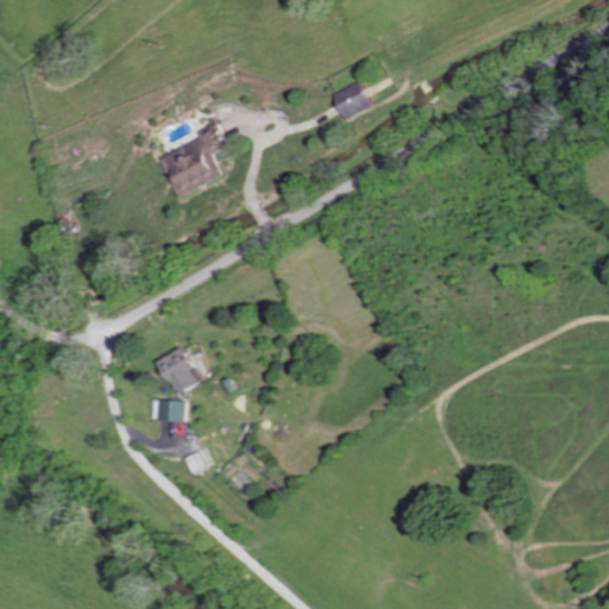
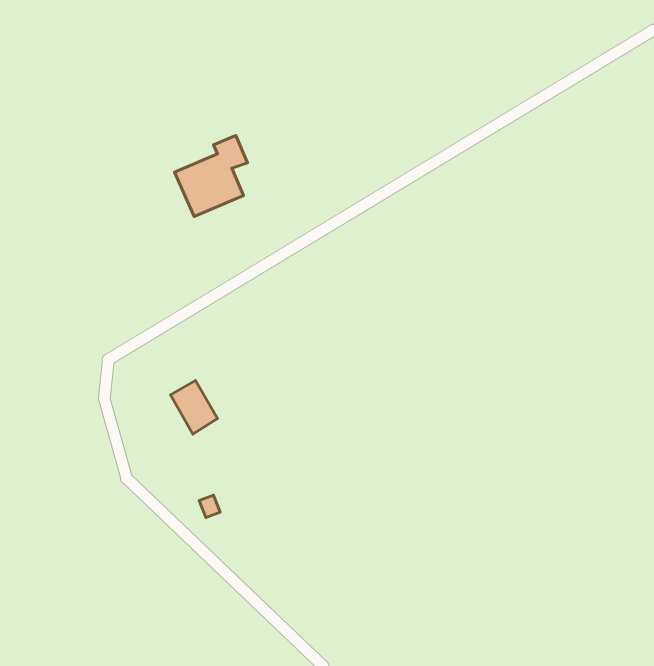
building: [333,81,371,118] -> none
building: [149,400,182,421] -> none

